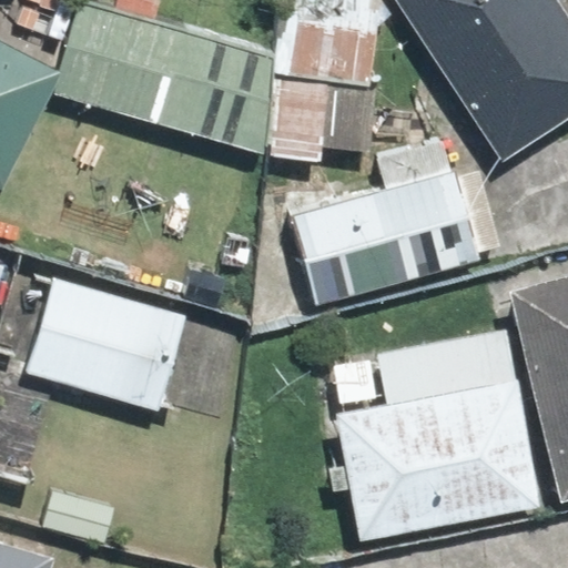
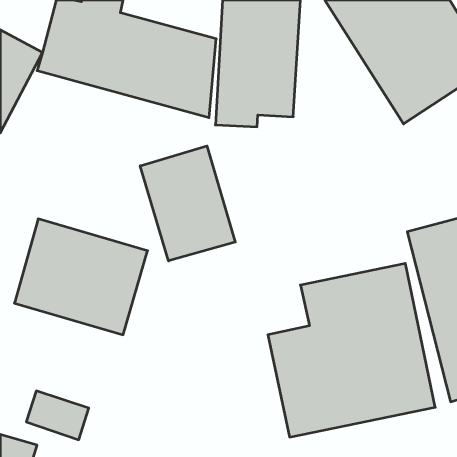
building: [273,143,503,307] -> none
building: none -> [140,146,235,261]

